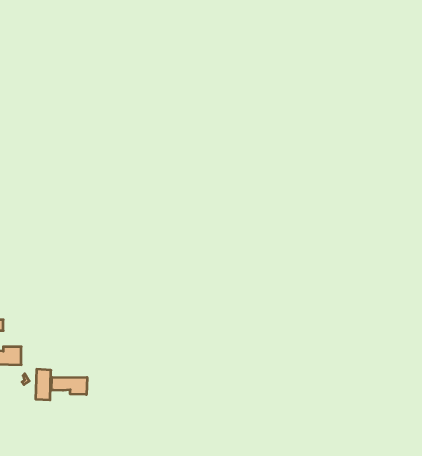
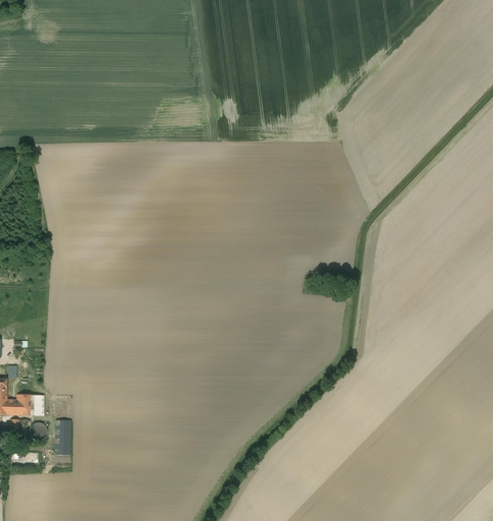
building: [52,377,87,395] -> none

